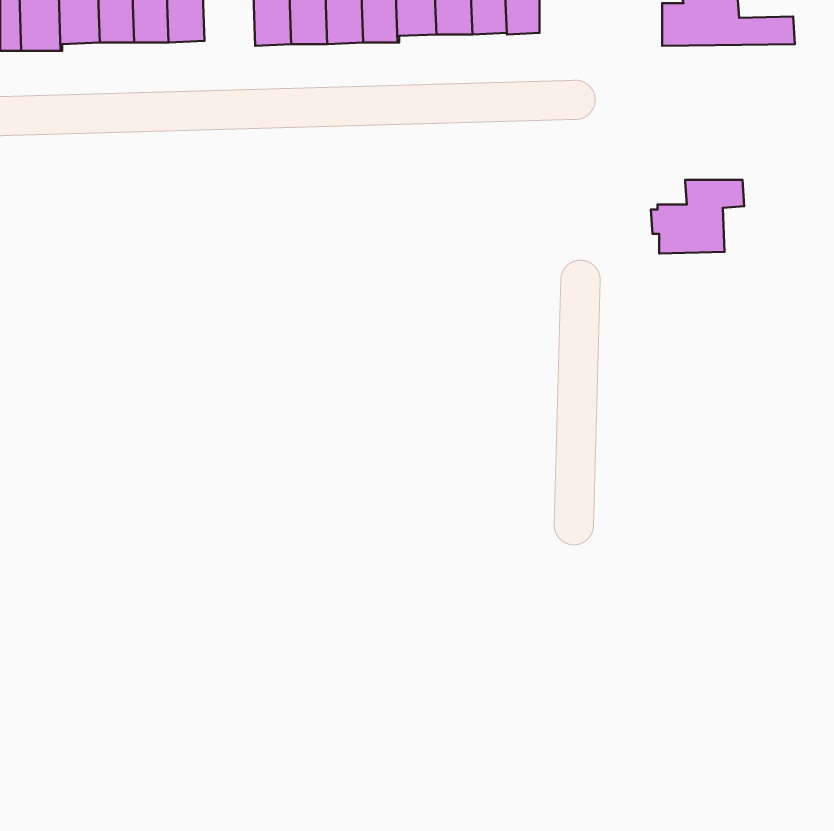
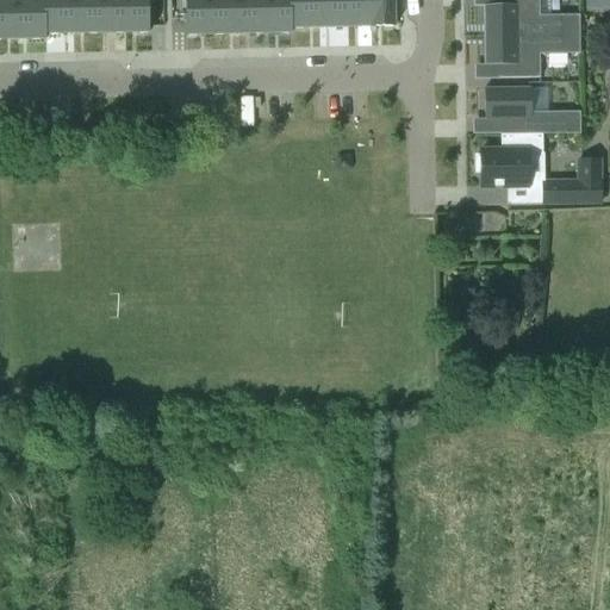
building: none -> [484,32,580,75]
building: none -> [485,86,580,131]
building: none -> [543,157,600,201]

